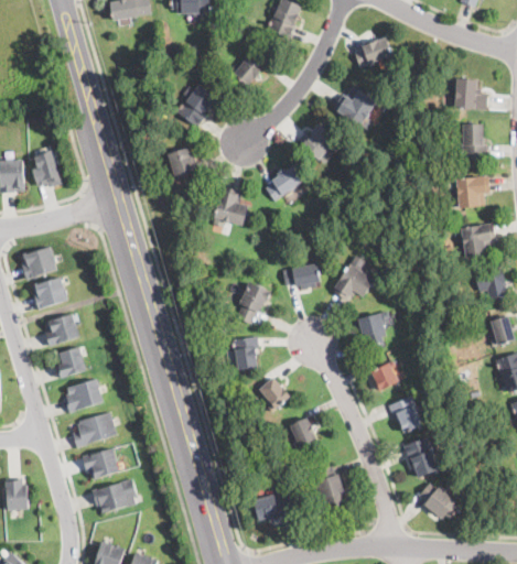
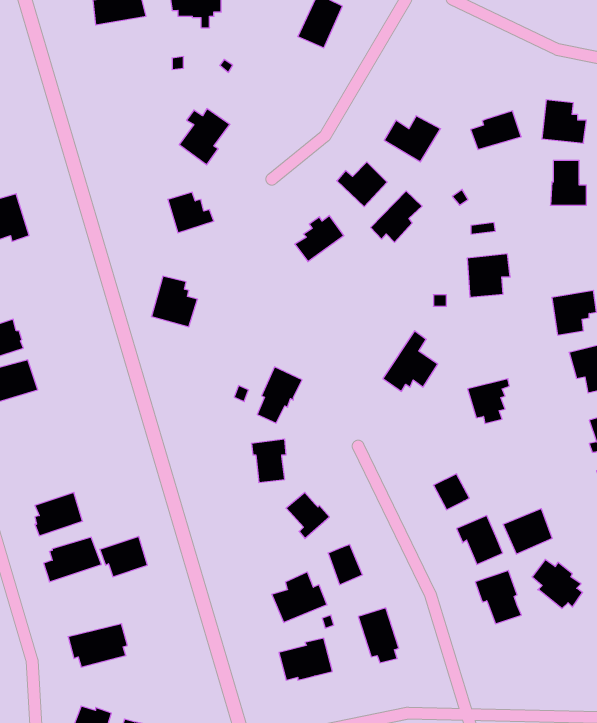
building: [353,37,391,67] -> [471,111,521,150]
building: [228,55,263,86] -> none
building: none -> [371,191,422,242]
building: [456,176,489,209] -> [467,254,510,297]
building: [213,187,248,226] -> [151,276,198,327]
building: [283,263,320,289] -> none
building: [357,312,389,346] -> [468,379,509,424]
building: [44,314,79,348] -> none
building: [53,348,86,379] -> none
building: none -> [503,509,552,554]
building: none -> [272,572,327,623]
building: [83,447,119,478] -> [100,536,147,577]
building: [419,482,457,520] -> [532,559,583,608]

